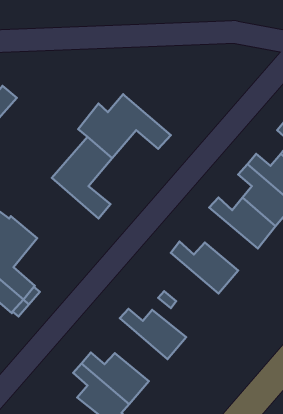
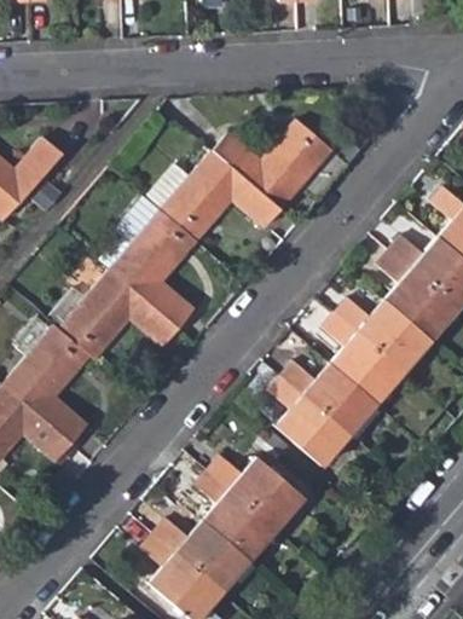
building: none -> [215,120,331,209]
building: none -> [47,270,178,360]
building: none -> [322,312,404,401]
building: none -> [268,376,348,464]
building: none -> [195,469,276,559]

